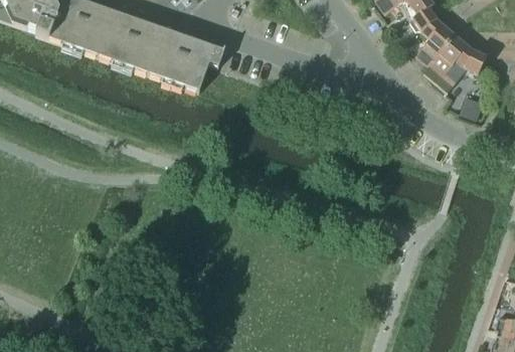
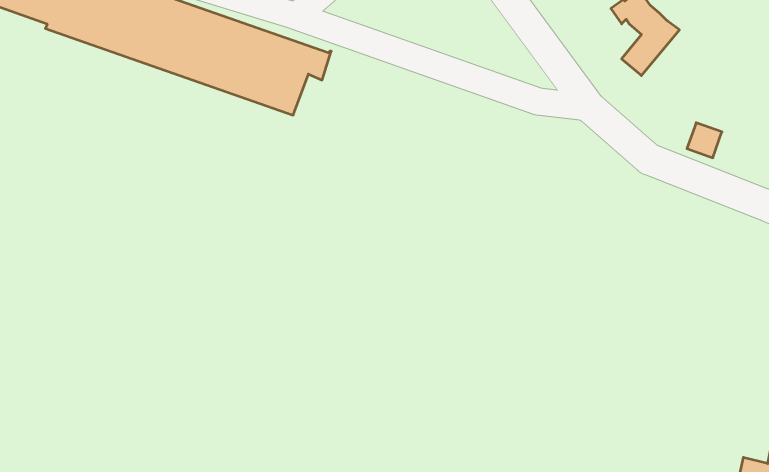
building: [423,32,486,89] -> none

